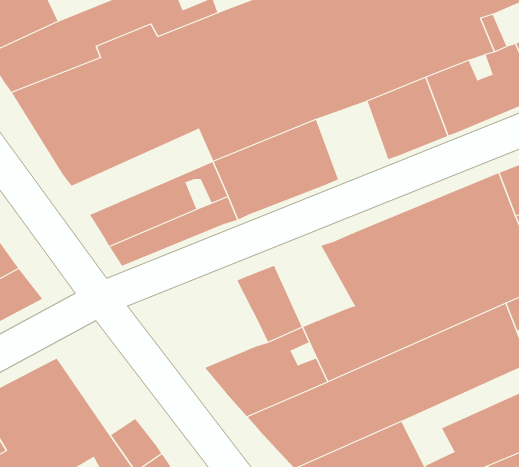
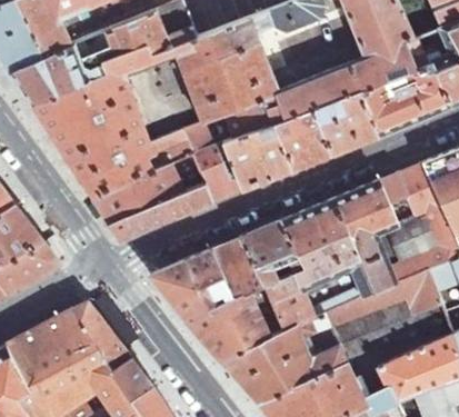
building: none -> [276,108,332,170]
building: none -> [81,130,193,198]
building: none -> [242,222,306,287]
building: none -> [150,250,230,319]
building: none -> [70,301,132,373]

